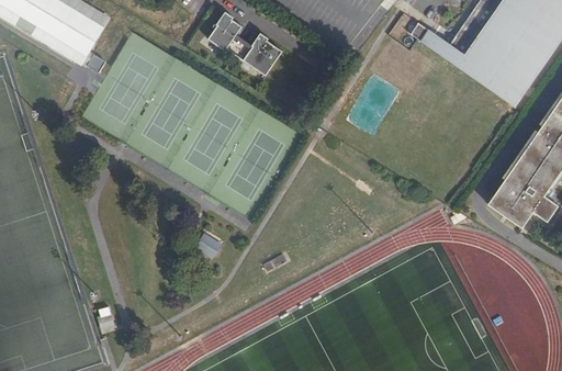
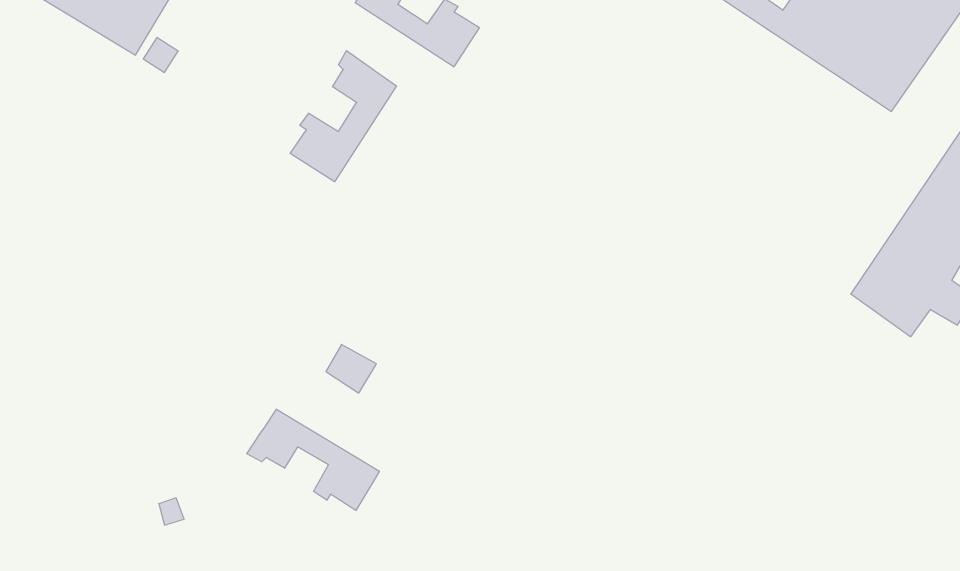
building: none -> [290,51,397,182]
building: none -> [247,409,379,510]

